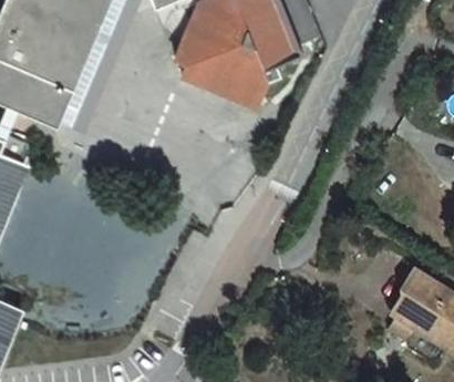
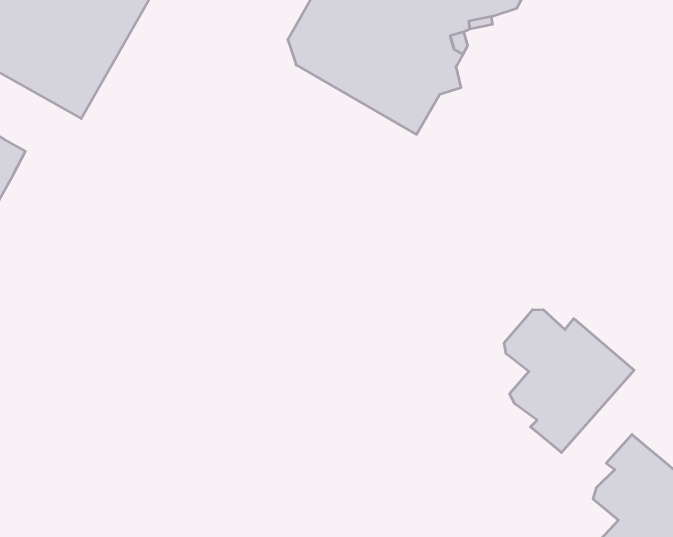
building: none -> [504,310,634,453]

